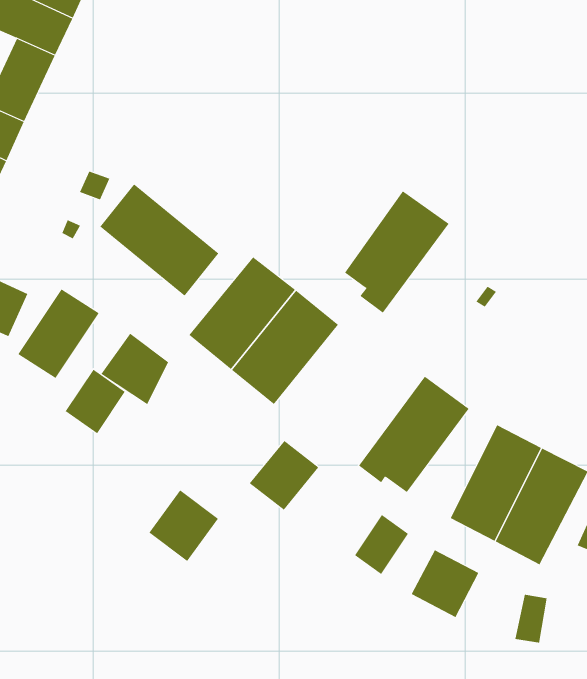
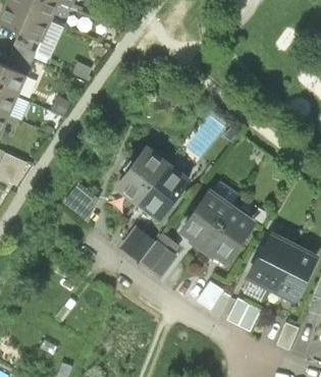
building: [99,184,219,296] -> none
building: [344,190,449,313] -> [178,190,233,254]
building: [18,288,99,379] -> none
building: [65,369,126,434] -> none
building: [148,489,219,562] -> [119,224,156,262]

